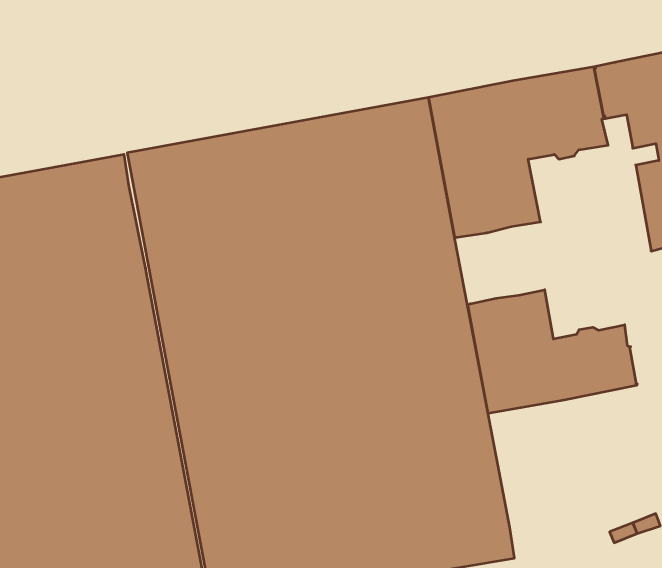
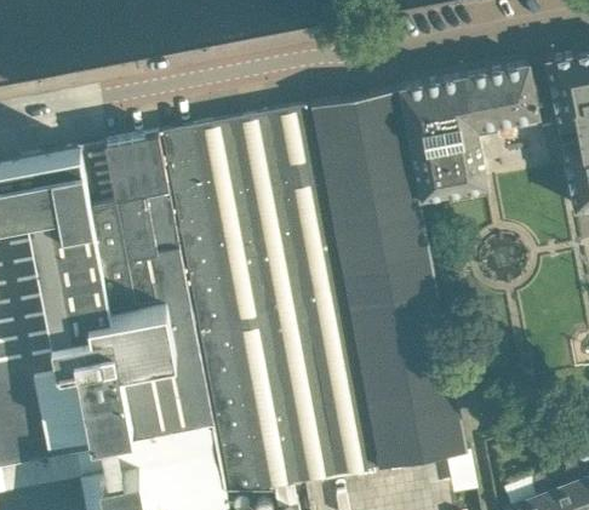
building: [468,290,637,413] -> none

